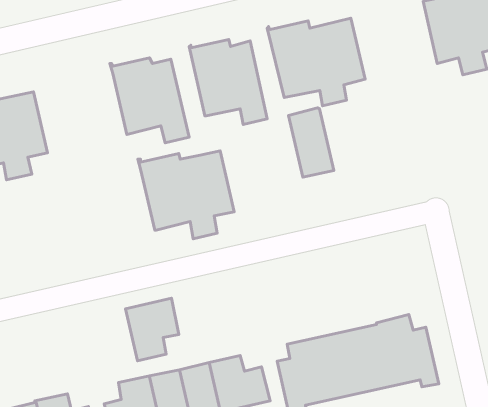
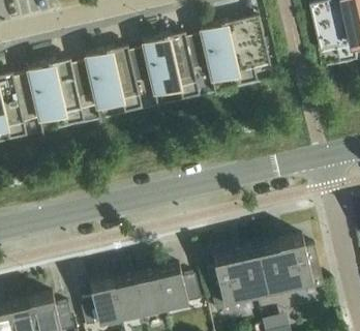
building: [288,108,334,177] -> none
building: [138,151,234,239] -> [26,60,96,124]
building: [126,298,179,361] -> none

